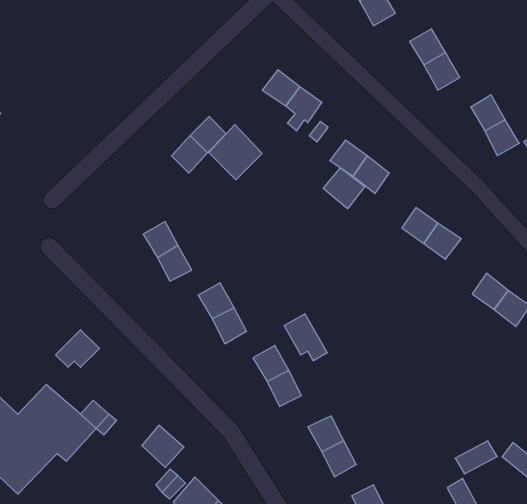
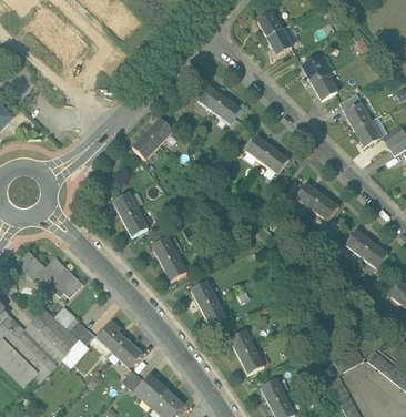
building: [209,125,262,180] -> none
building: [323,168,365,209] -> none
building: none -> [17,251,69,287]
building: [284,314,327,361] -> none
building: none -> [97,321,124,352]

